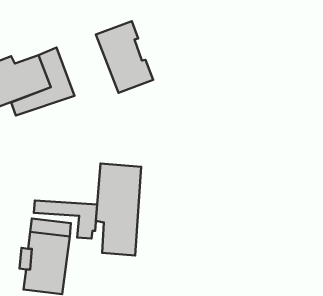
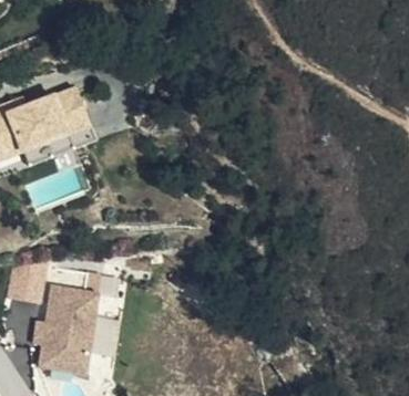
building: [96,21,153,93] -> none
building: [96,163,141,256] -> none

